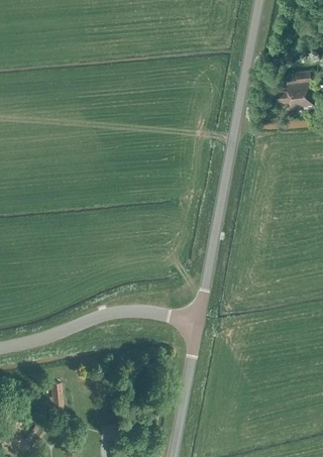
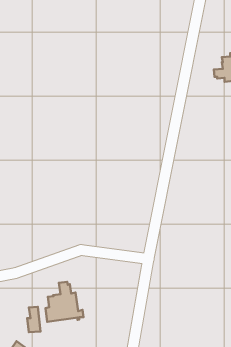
building: none -> [46,282,83,322]

